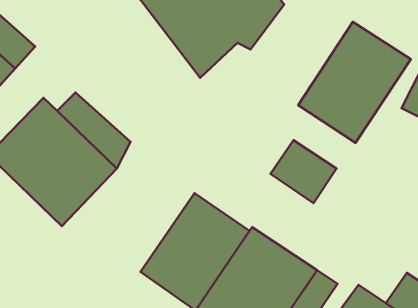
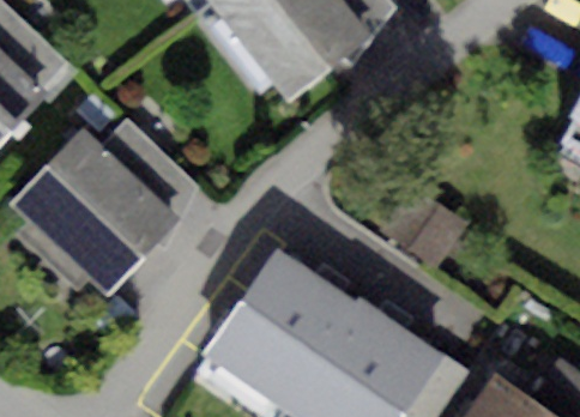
building: [298,22,411,143] -> none

